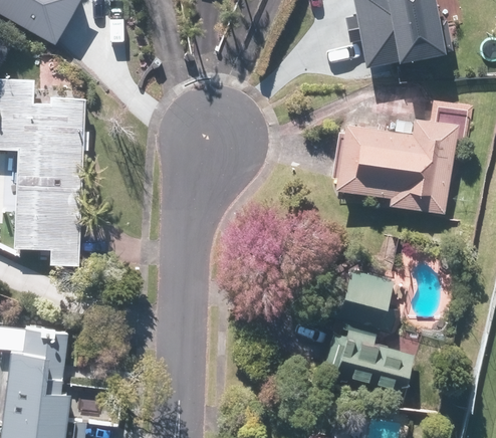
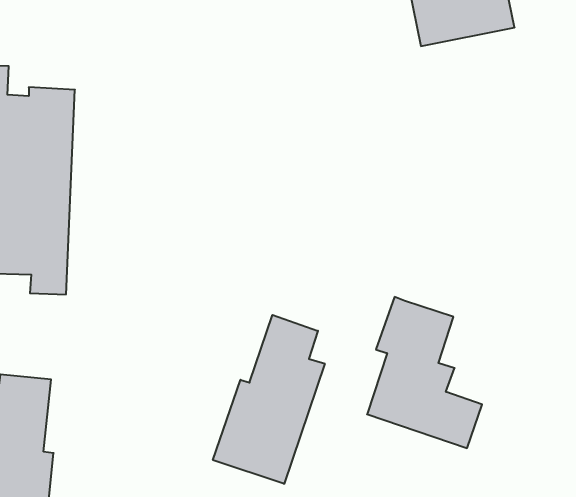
building: [335,110,474,212] -> none
building: none -> [213,315,325,484]

